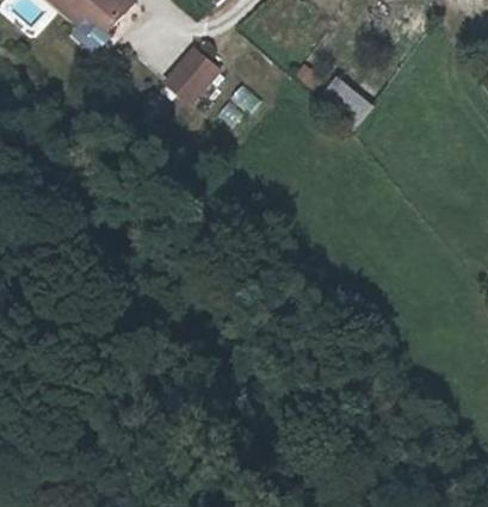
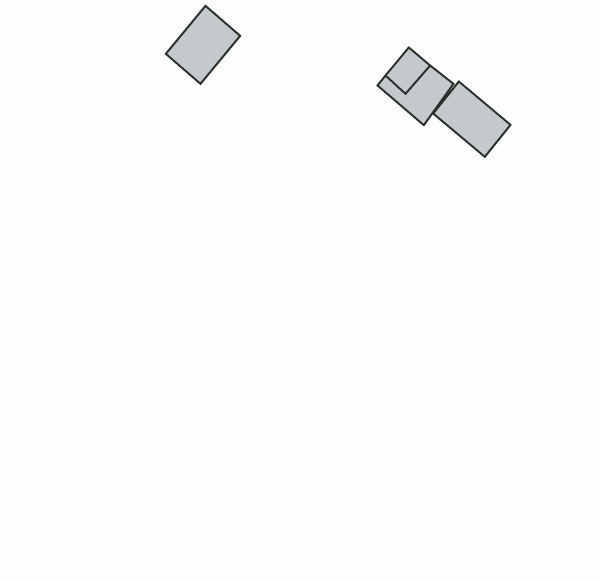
building: none -> [433,82,510,157]

